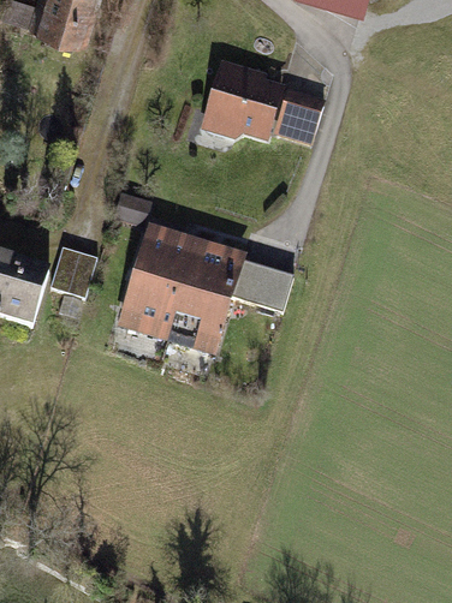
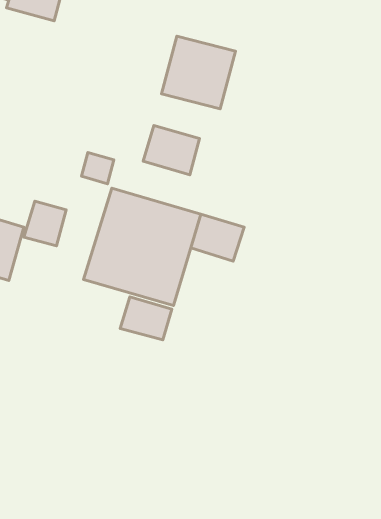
building: [276,85,326,141] -> none
building: none -> [143,125,200,175]
building: none -> [120,297,172,340]

